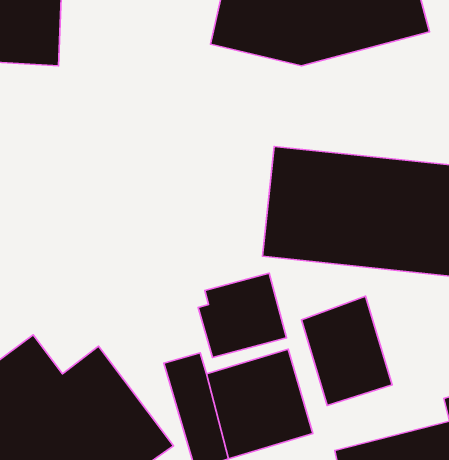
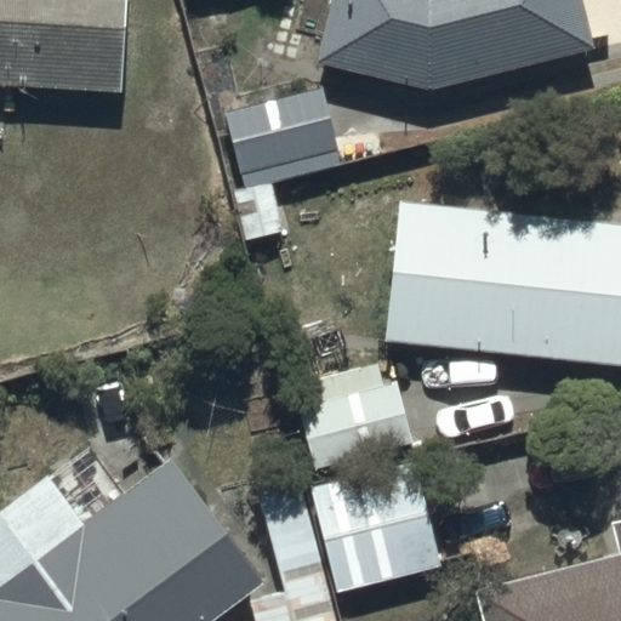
building: none -> [227,91,346,246]
building: [301,296,392,405] -> none

